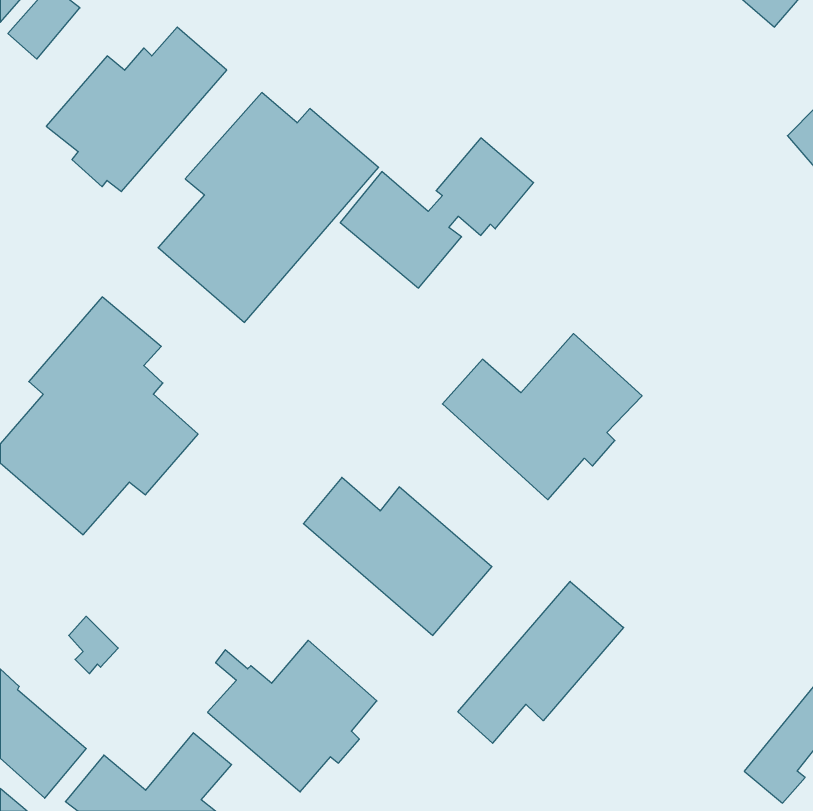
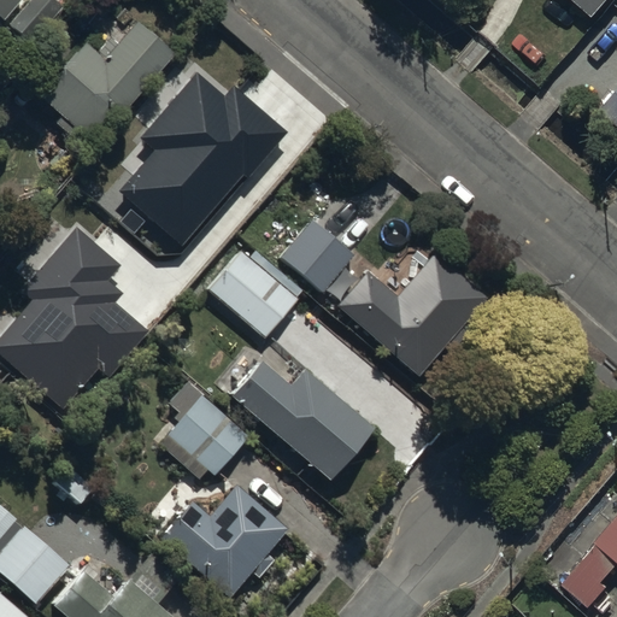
building: [340,138,534,288] -> [206,223,352,336]
building: none -> [159,389,253,478]
building: [458,581,624,743] -> none

